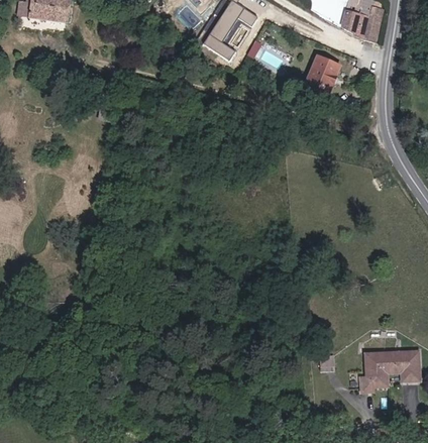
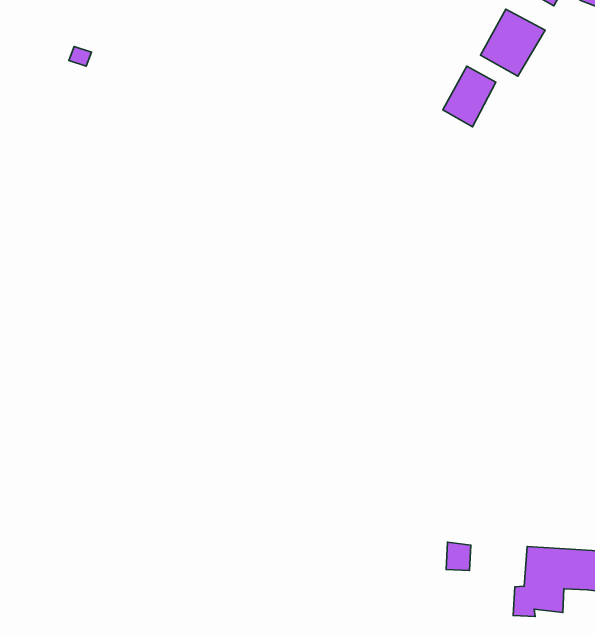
building: none -> [443,66,496,127]

